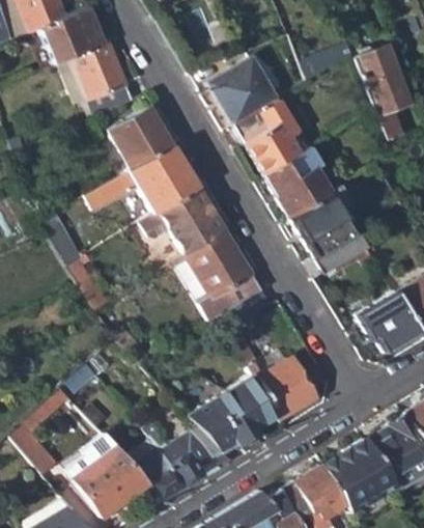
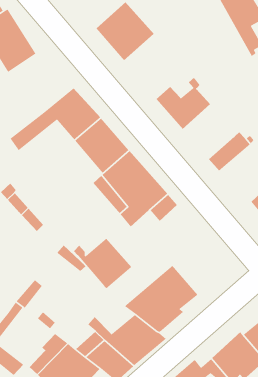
building: [236,99,301,175] -> none
building: [112,109,172,169] -> none
building: [292,185,351,256] -> none
building: [251,358,317,418] -> [73,238,132,289]

